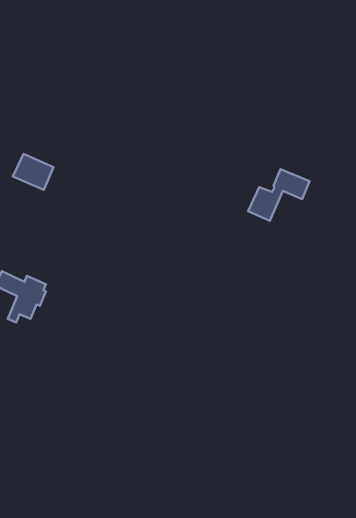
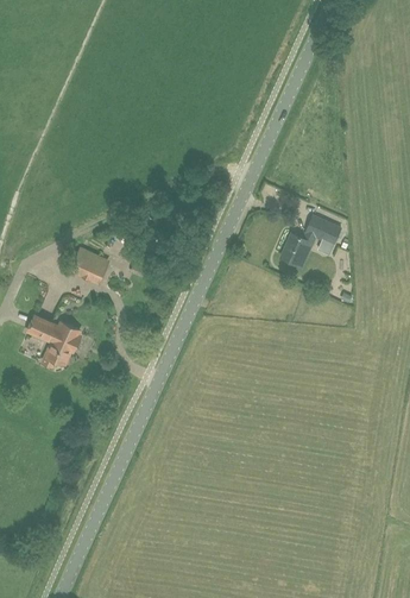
building: [13,154,54,190] -> [69,247,109,283]

